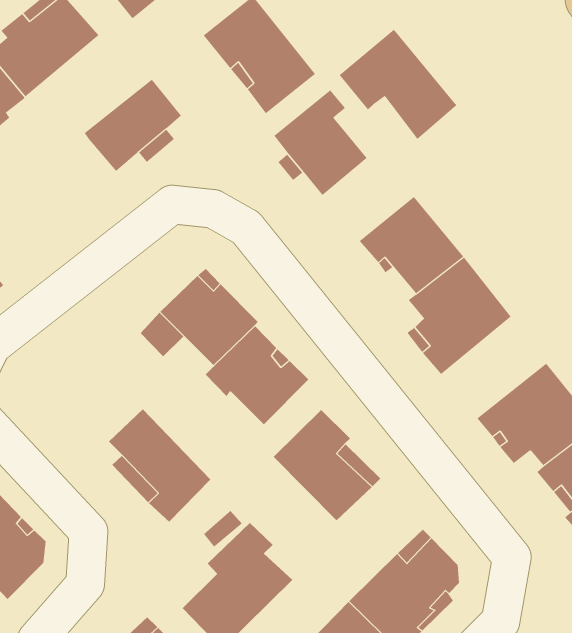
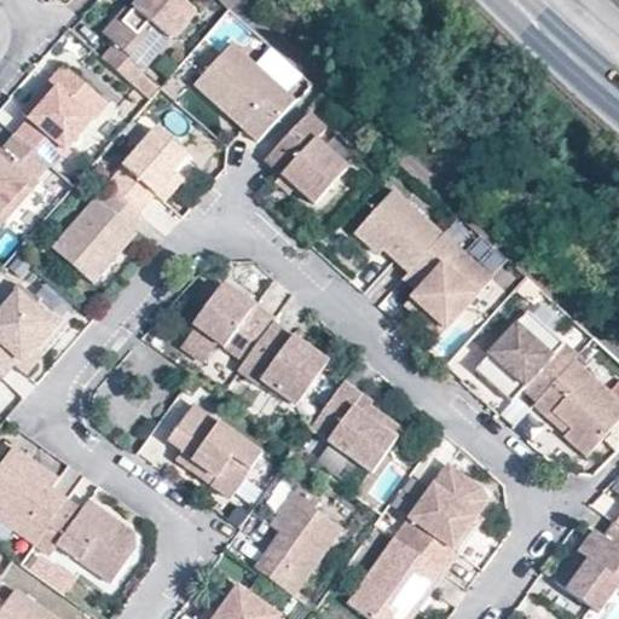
building: [339,29,457,140] -> none
building: none -> [51,187,141,282]

